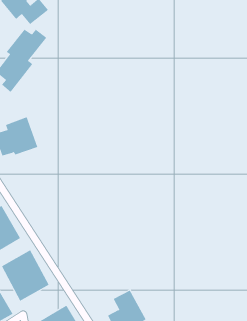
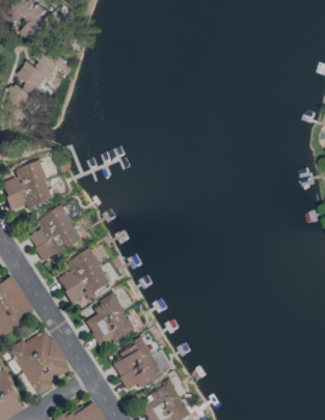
building: none -> [27,205,85,261]
building: none -> [53,250,113,303]
building: none -> [81,295,137,346]
building: none -> [111,337,164,389]

